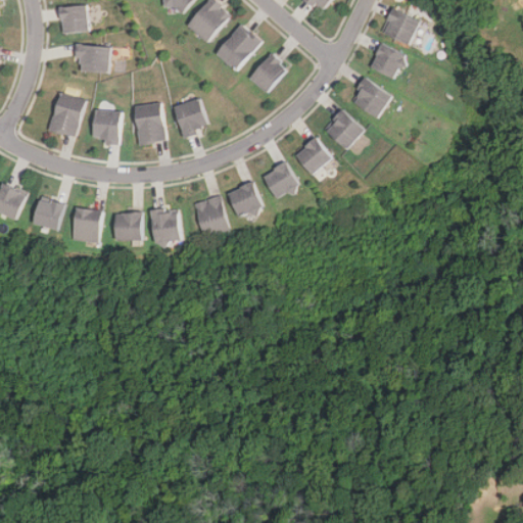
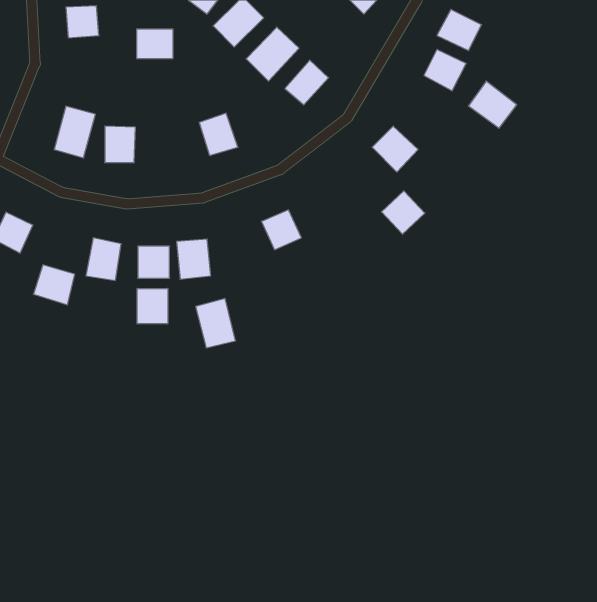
building: [75,45,106,70] -> [137,29,173,58]
building: [348,77,390,117] -> [468,81,517,128]
building: [133,102,163,144] -> none
building: [293,137,331,175] -> [381,191,425,234]
building: [262,161,298,199] -> none
building: [193,195,228,238] -> [196,298,236,348]
building: [34,196,69,231] -> [33,265,75,305]
building: none -> [137,288,168,324]

